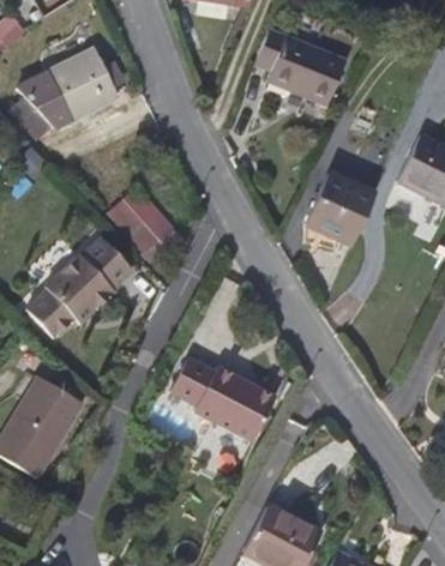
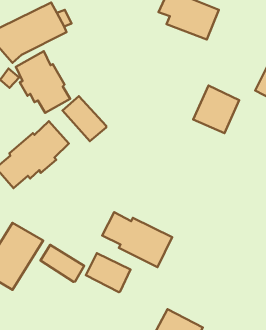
building: none -> [16,51,70,113]
building: none -> [40,245,84,282]
building: none -> [86,253,130,292]

